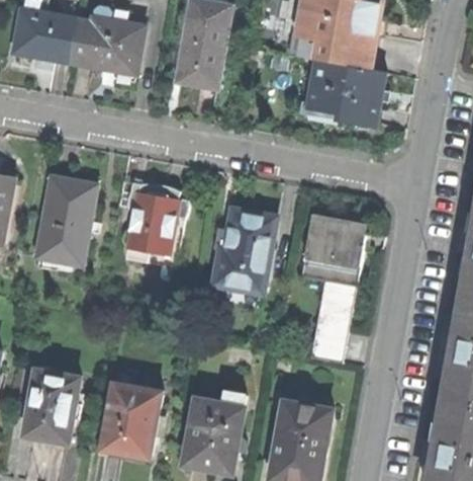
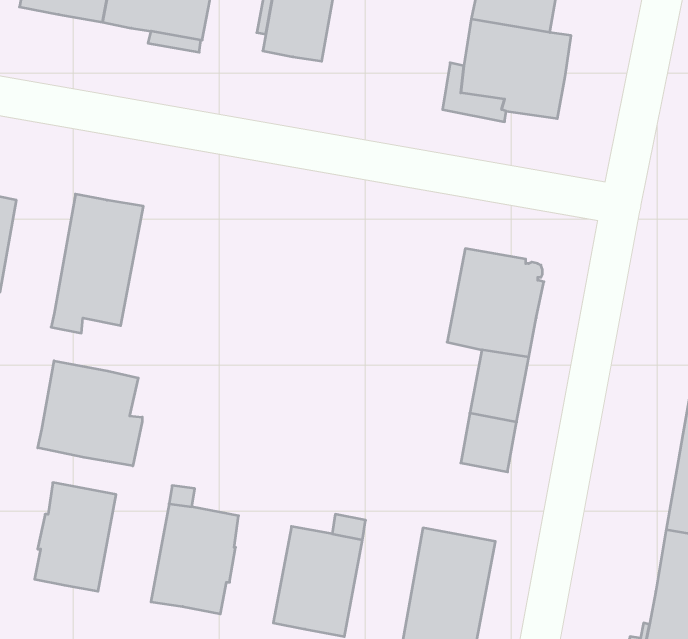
building: [125,183,190,266] -> none
building: [214,209,275,309] -> none
building: none -> [38,361,142,466]

